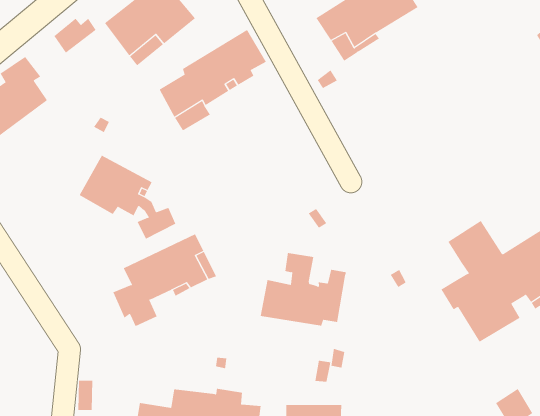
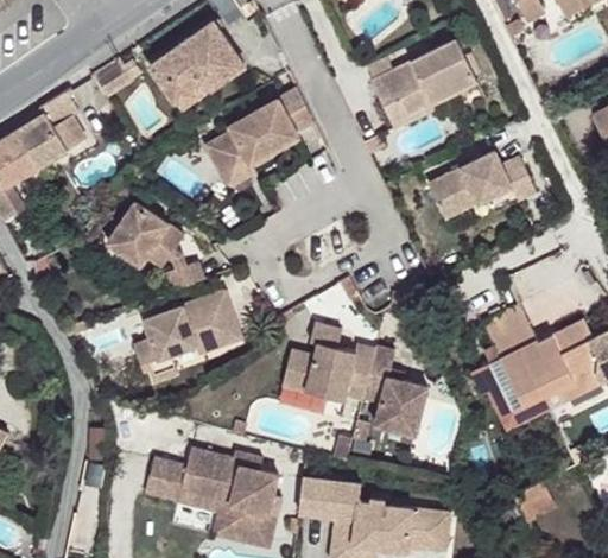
building: none -> [429,148,537,217]
building: none -> [361,349,426,440]

